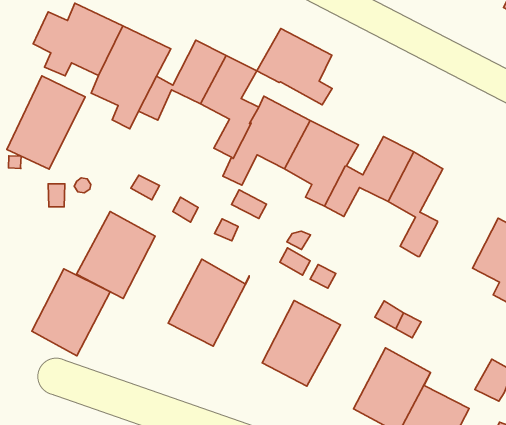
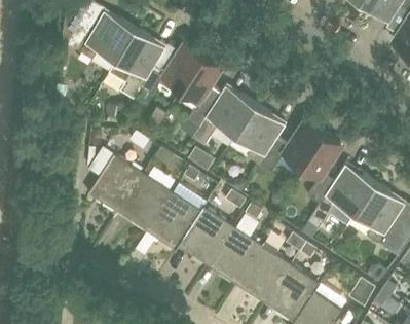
building: [257,28,332,105] -> none
building: [7,76,85,169] -> none
building: none -> [307,164,375,228]
building: [32,269,110,356] -> [117,173,173,232]
building: none -> [175,207,232,265]
building: none -> [235,241,291,302]

